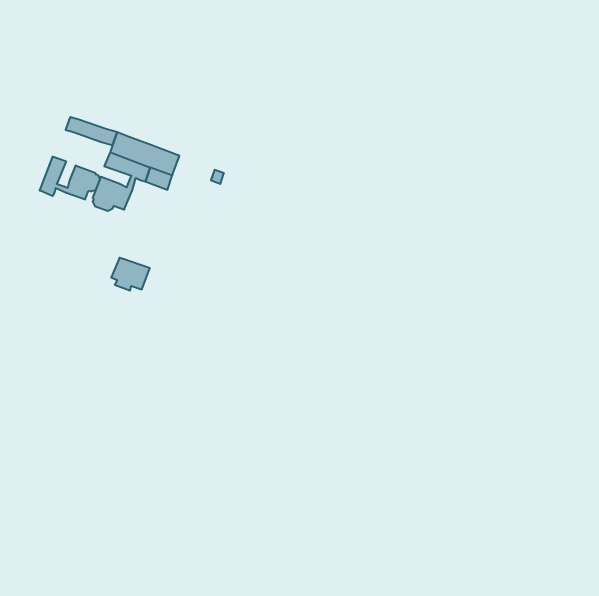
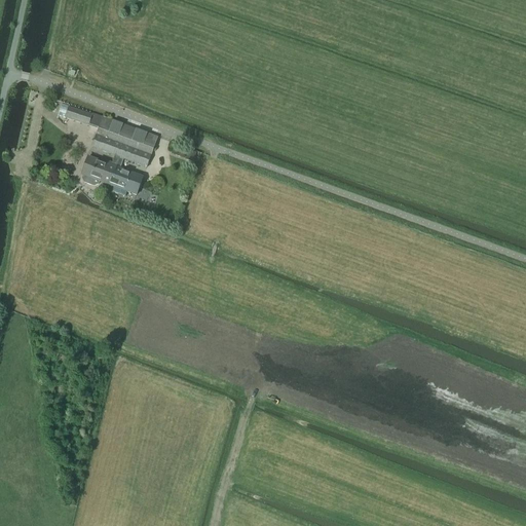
building: [40,157,100,200] -> none
building: [111,258,150,291] -> [109,166,143,195]

